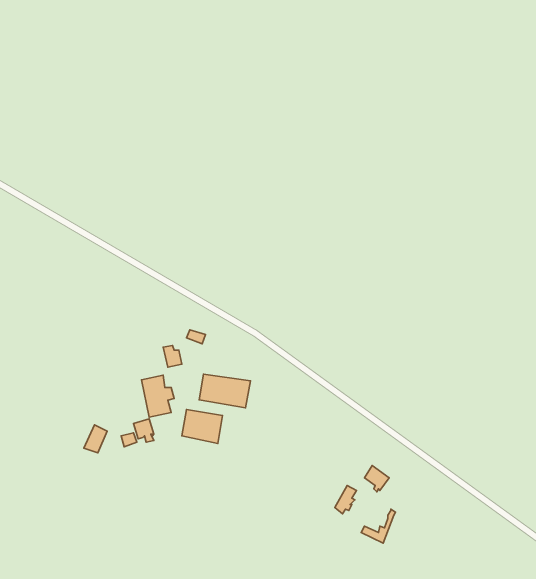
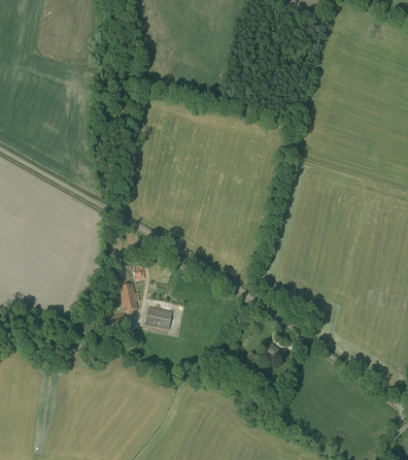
building: [199,374,250,408] -> none

